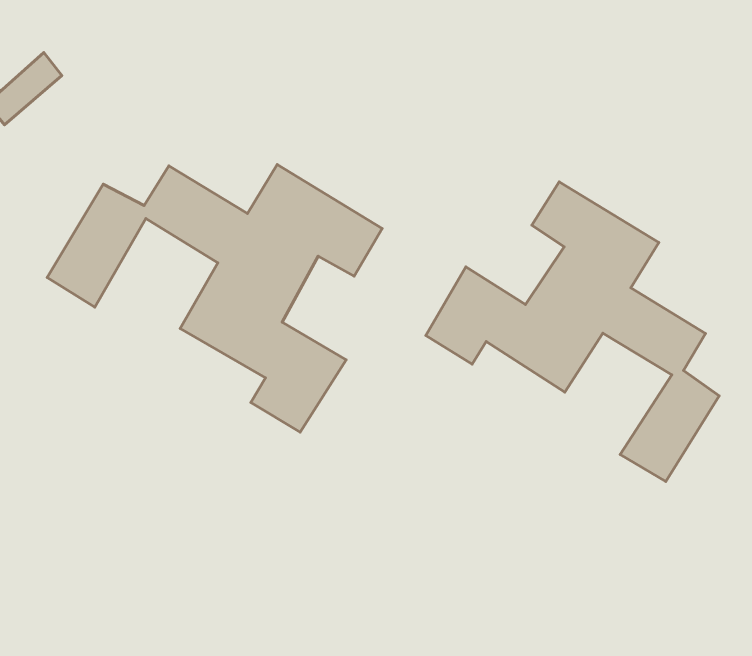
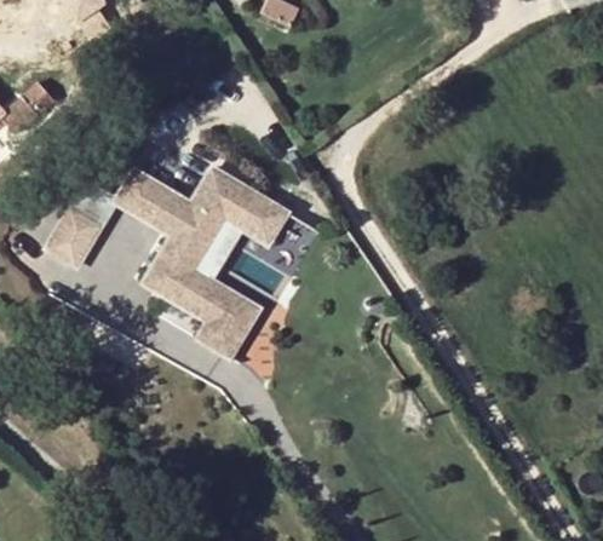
building: [426,182,719,482] -> none

